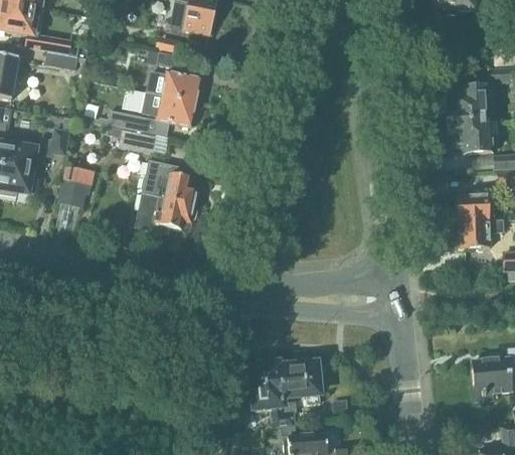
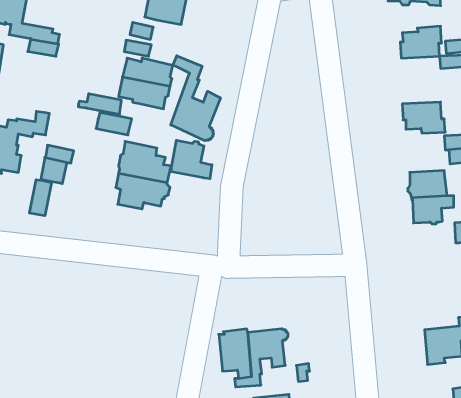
building: none -> [171,56,220,141]
building: [446,87,490,121] -> [400,26,442,58]
building: none -> [170,140,212,179]
building: none -> [29,180,52,216]

